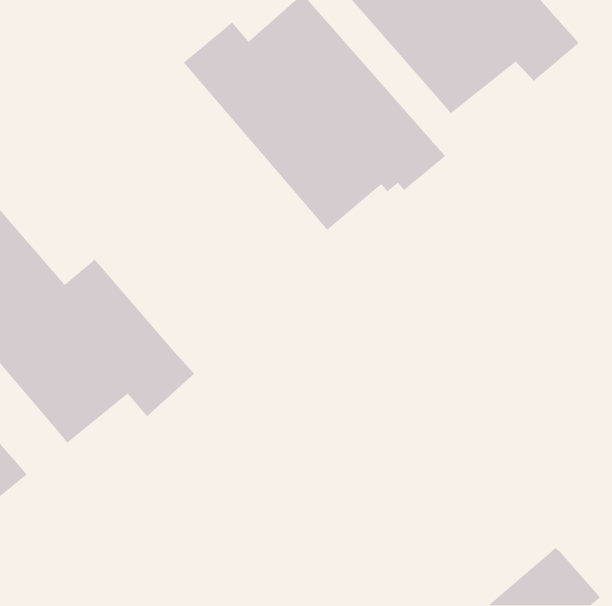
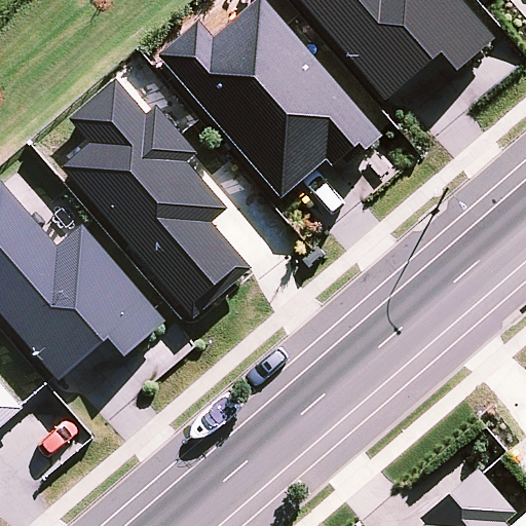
building: none -> [63,77,252,315]

